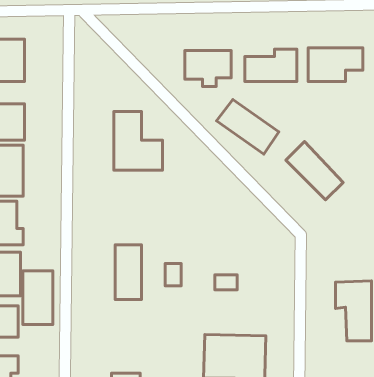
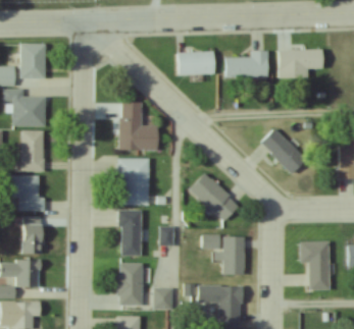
building: [217,99,279,154] -> [189,175,240,220]
building: none -> [118,159,149,206]
building: [23,271,53,324] -> [118,263,143,307]
building: none -> [213,236,244,275]

